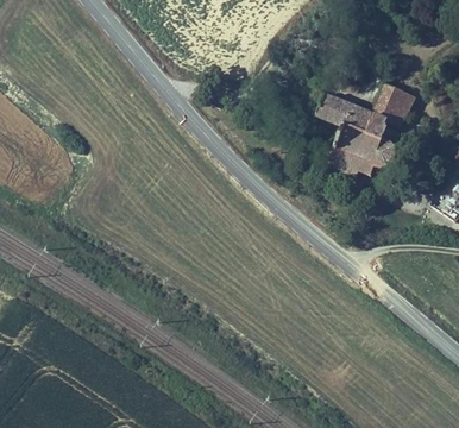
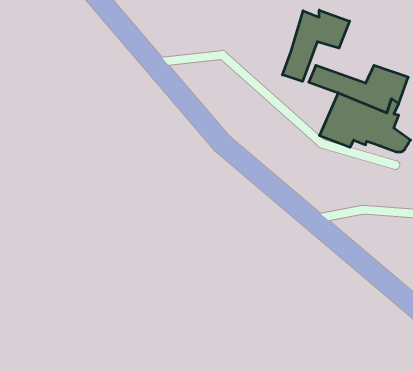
building: none -> [282,10,350,81]

